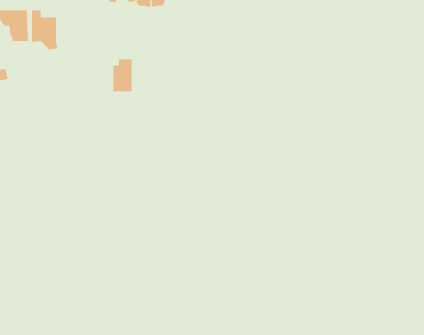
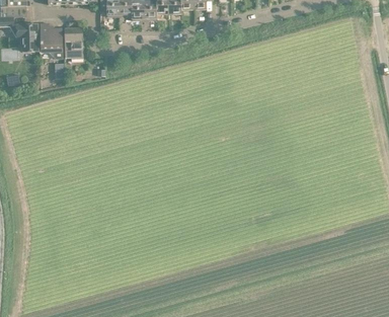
building: [112,59,132,92] -> [66,27,83,56]

